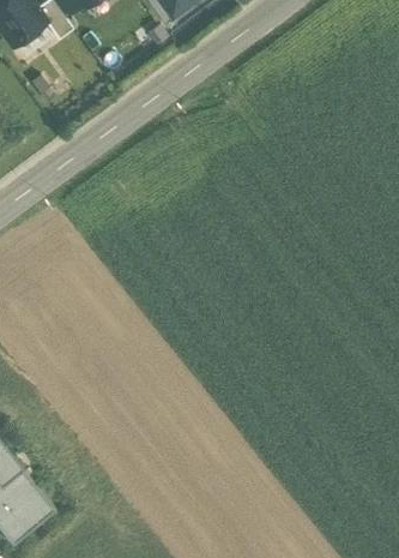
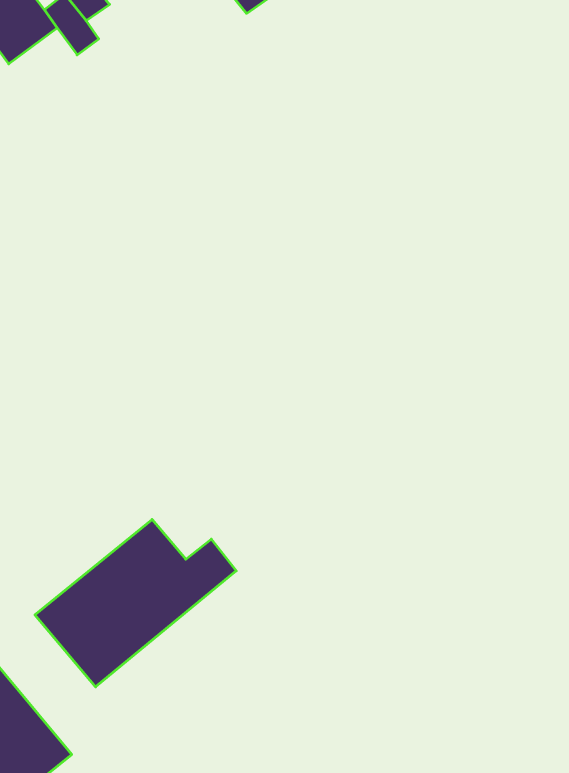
building: none -> [35,519,236,687]

